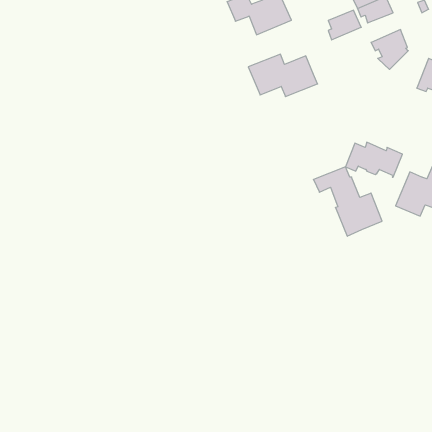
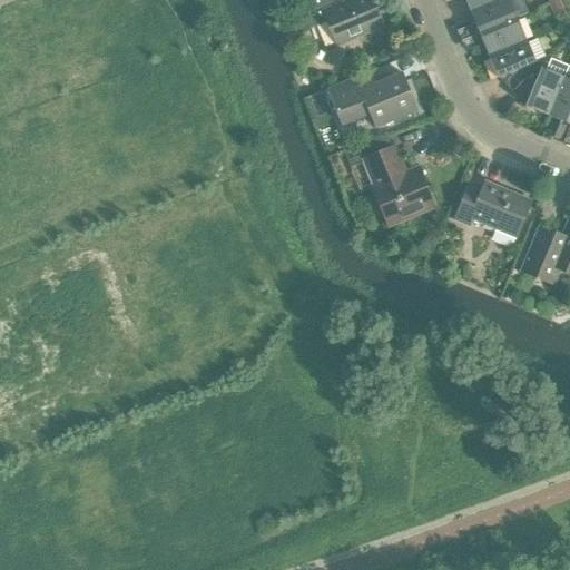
building: [328,10,361,40] -> [484,17,528,56]
building: none -> [513,67,564,116]
building: [313,167,382,236] -> [344,134,434,225]

